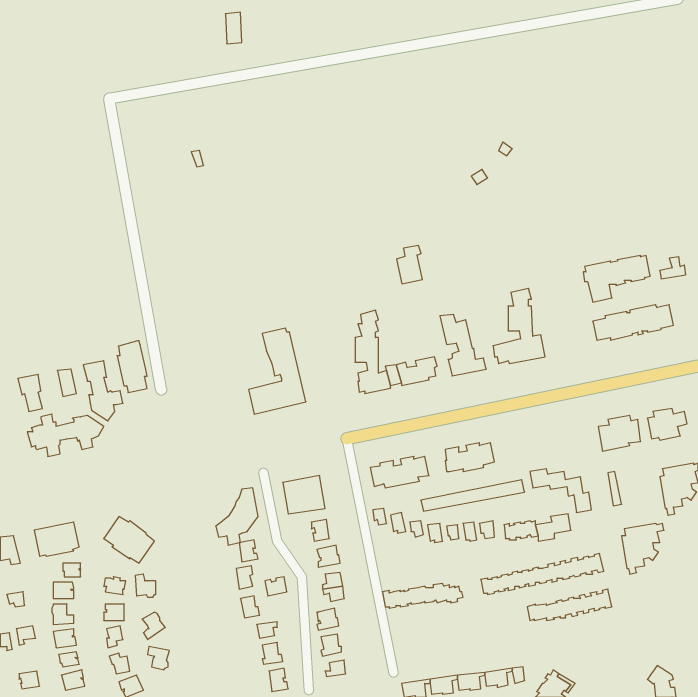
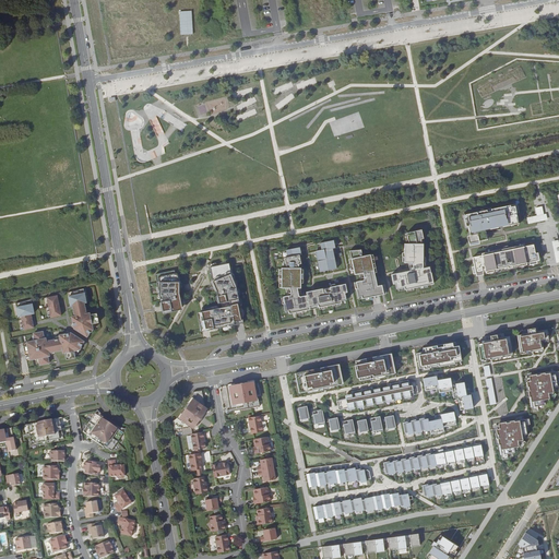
building: [397,245,422,284] -> [318,241,338,272]
building: [117,341,147,393] -> [157,269,181,310]
building: none -> [417,341,462,368]
building: none -> [312,493,413,518]

